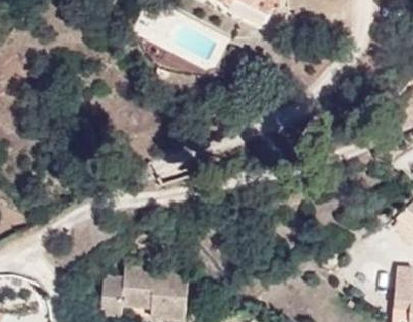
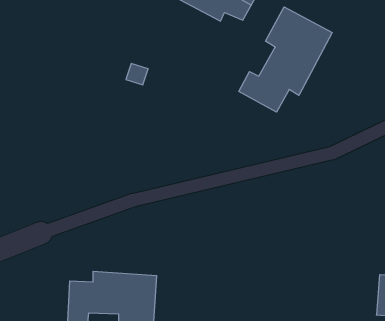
building: none -> [239,7,332,112]

